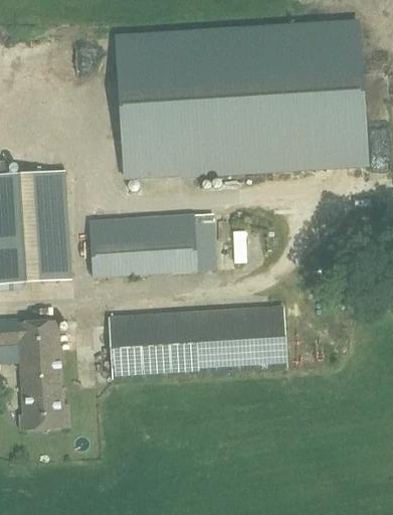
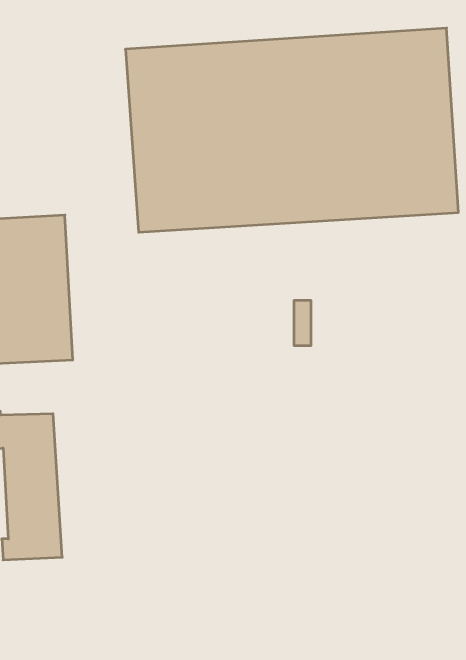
building: [89,212,214,276] -> none
building: [111,305,287,378] -> none

